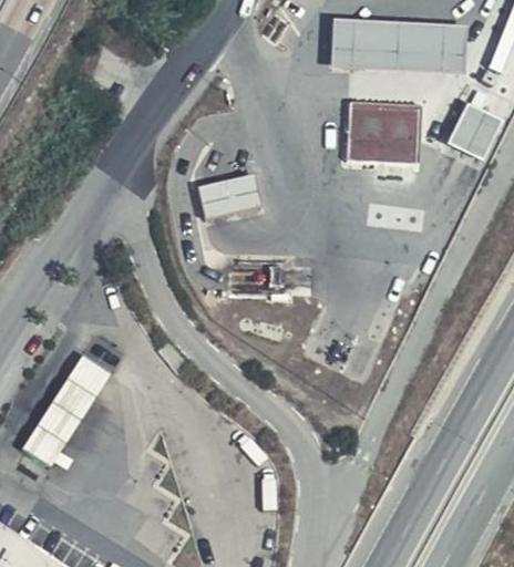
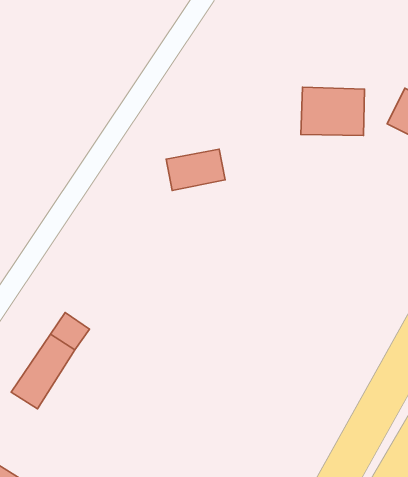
building: [331,18,464,72] -> none

